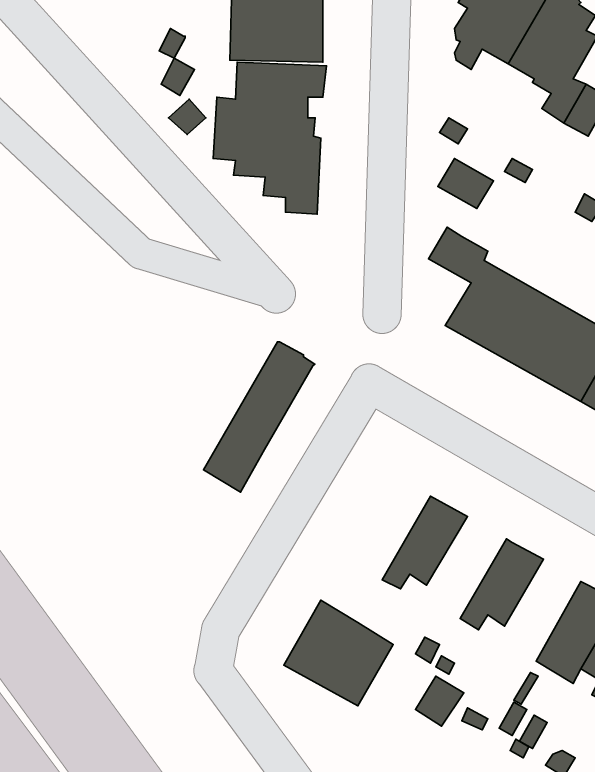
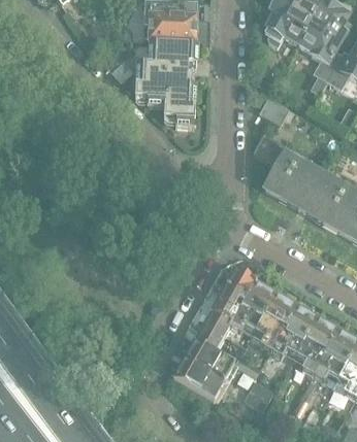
building: [203,342,315,492] -> [194,268,256,351]
building: none -> [253,293,297,349]
building: none -> [296,316,338,373]

